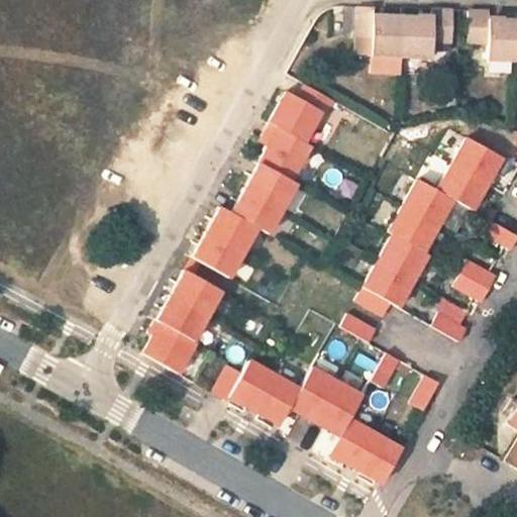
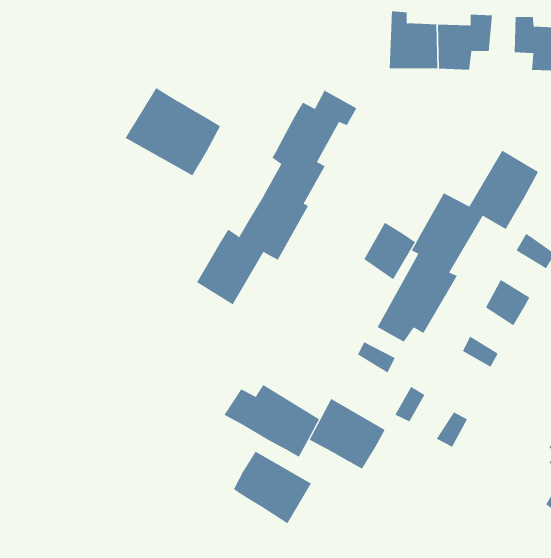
building: none -> [125,87,221,176]
building: none -> [363,222,416,280]
building: [146,273,220,374] -> none
building: [333,415,406,483] -> [233,451,312,524]

